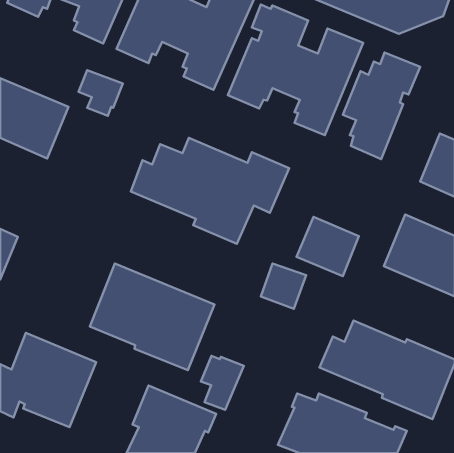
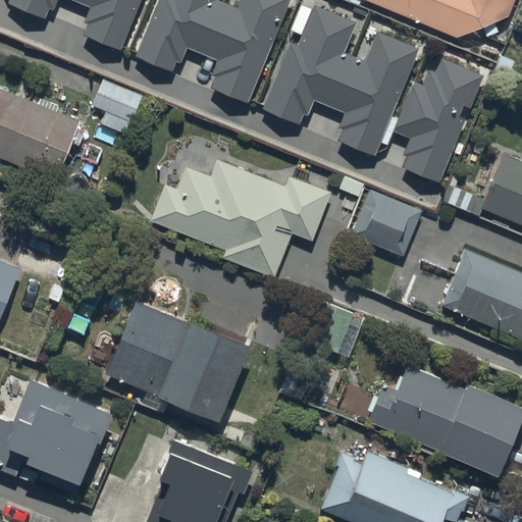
building: [297,217,359,276] -> [350,189,421,257]
building: [201,356,244,410] -> none

